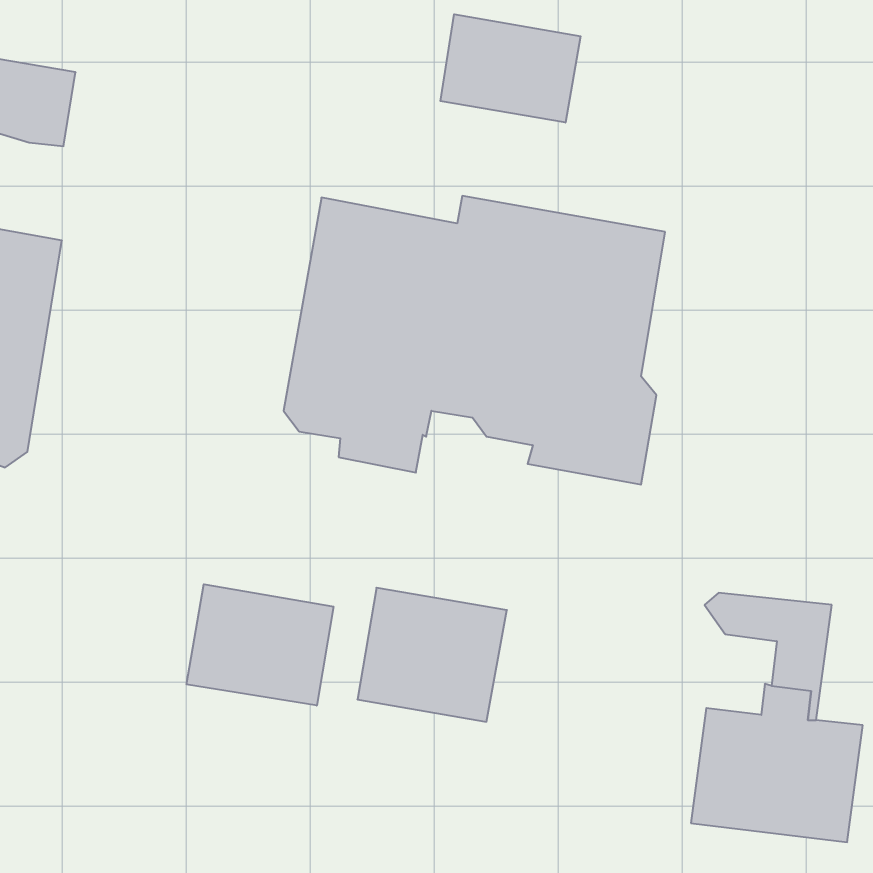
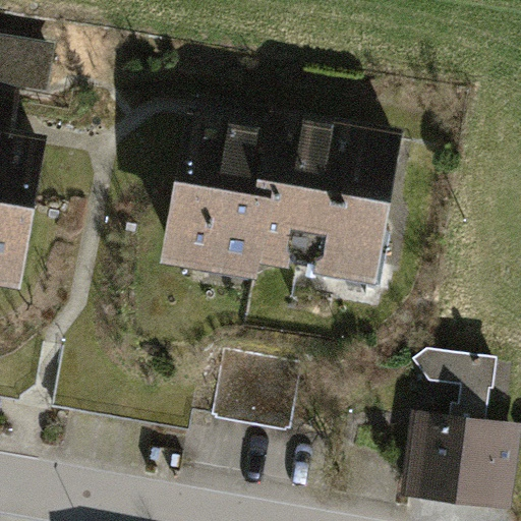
building: [440,14,581,123] -> none
building: [187,584,333,706] -> none

